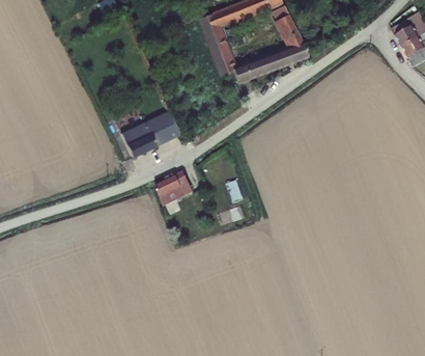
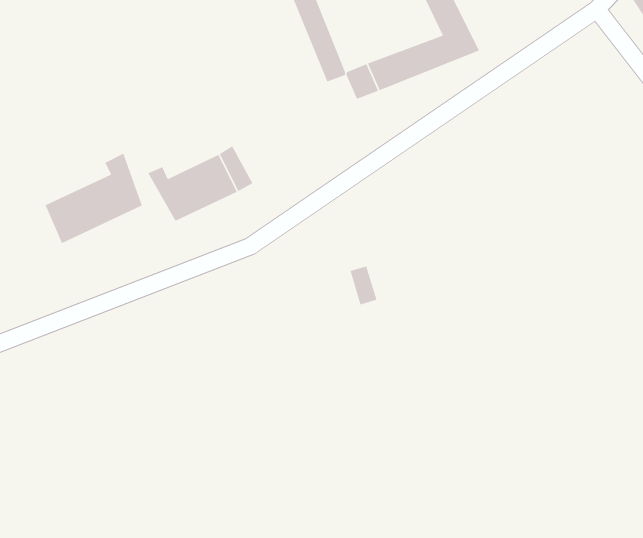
building: none -> [44,153,143,244]
building: [162,175,198,204] -> none

